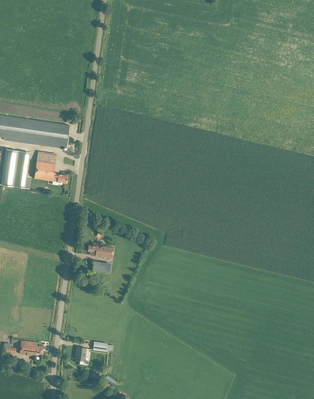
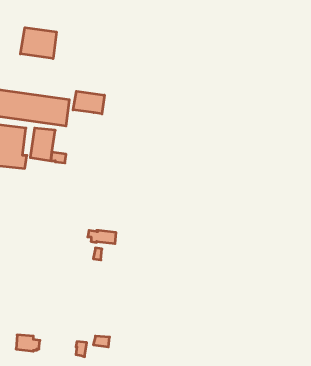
building: none -> [20,28,56,59]
building: none -> [73,91,104,114]

